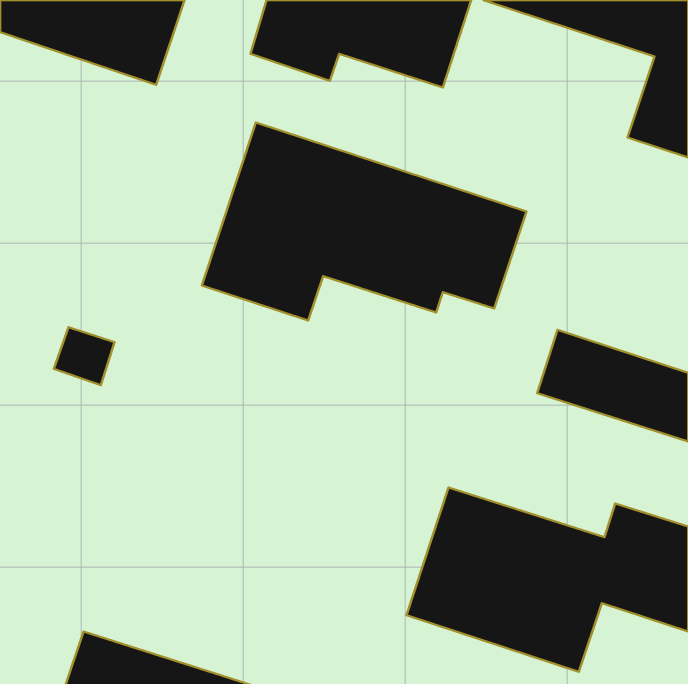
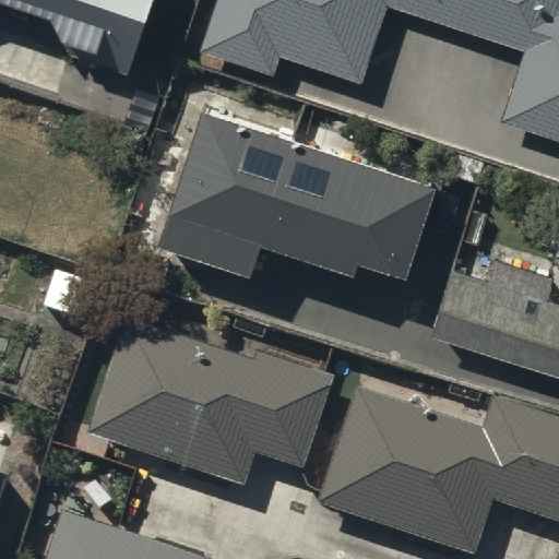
building: none -> [100,331,323,477]

